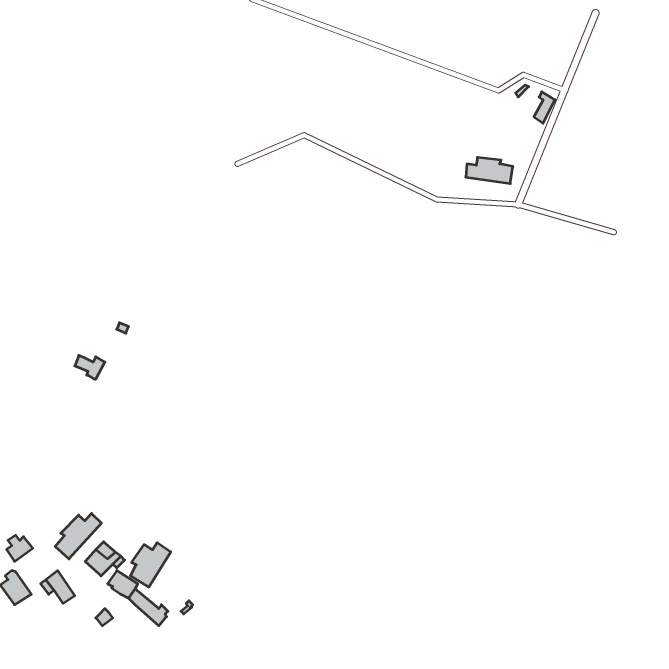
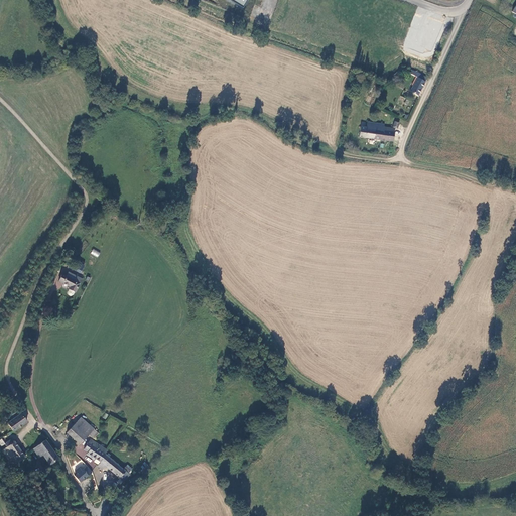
building: [55,513,101,559] -> none
building: [130,543,171,587] -> none

